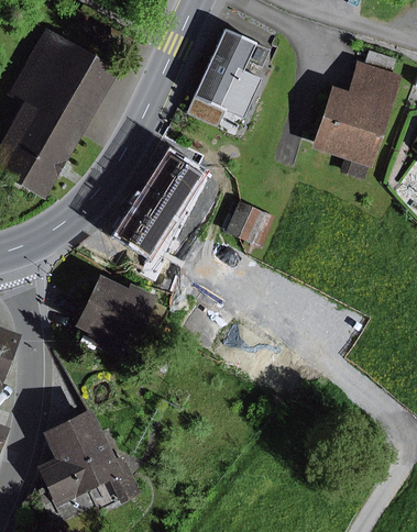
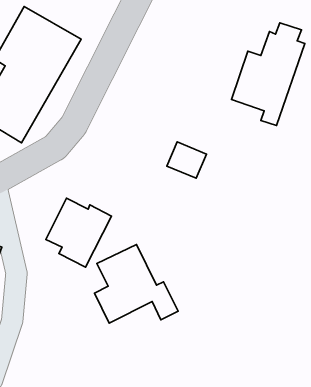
building: [188,30,271,128] -> none
building: [119,148,210,258] -> none
building: [36,409,143,509] -> [94,245,178,323]

